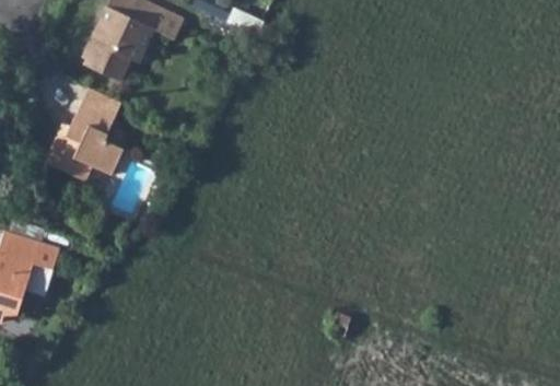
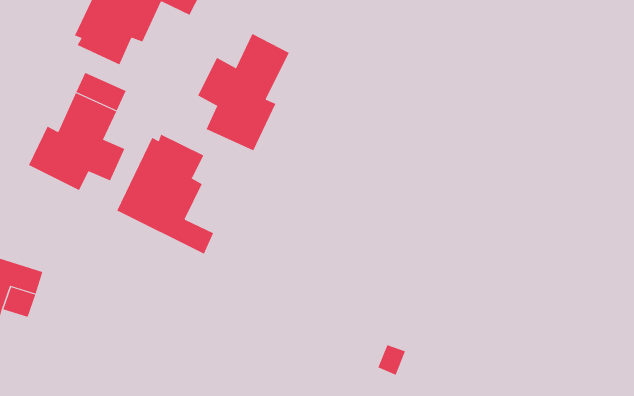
building: none -> [198,33,290,151]
building: none -> [116,134,214,254]

